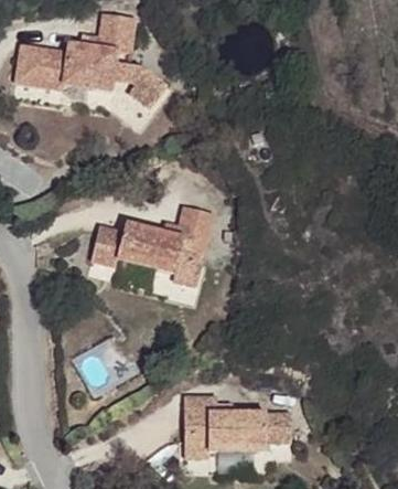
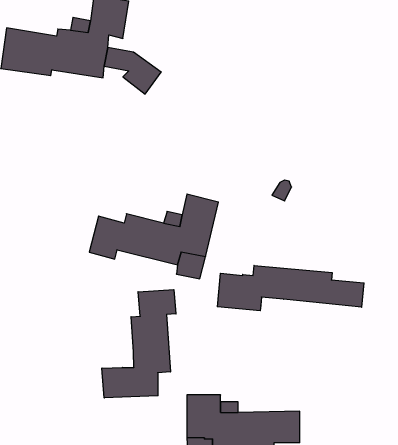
building: none -> [217,265,364,311]
building: none -> [102,290,176,398]

